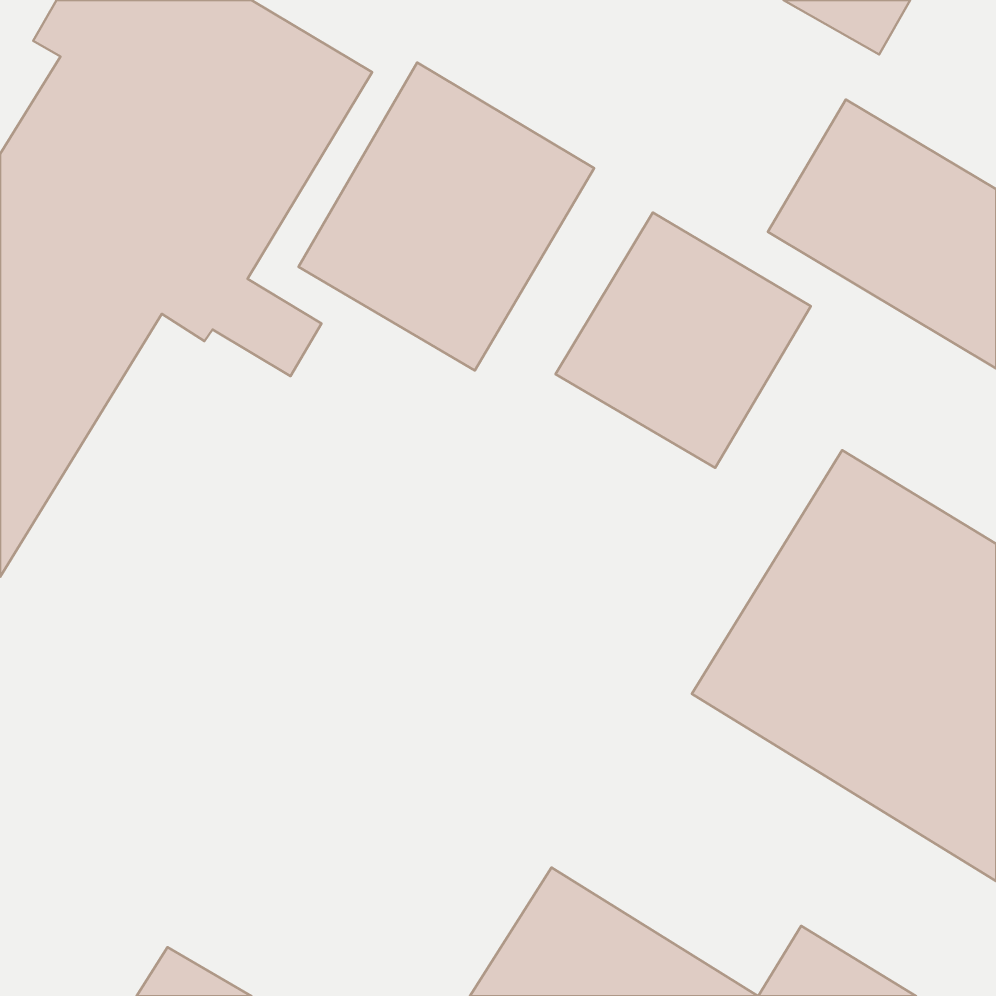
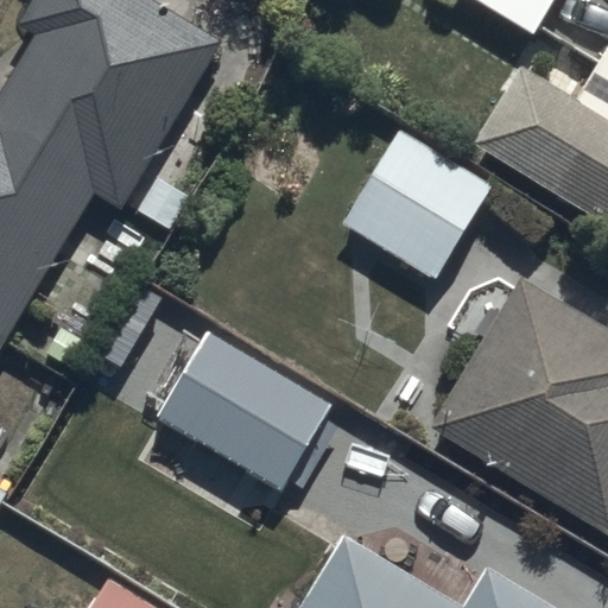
building: [299,63,594,371] -> none
building: none -> [153,329,337,495]

